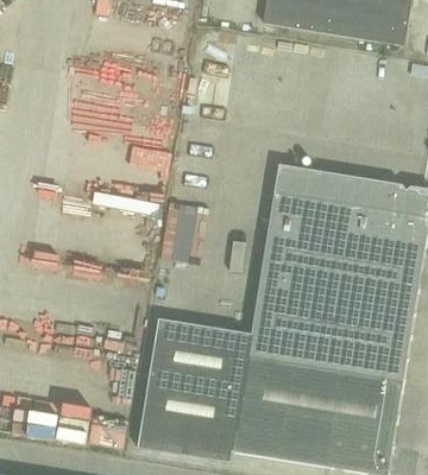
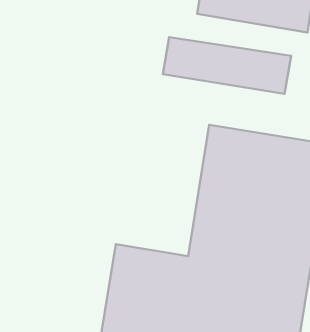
building: none -> [163,37,291,94]

